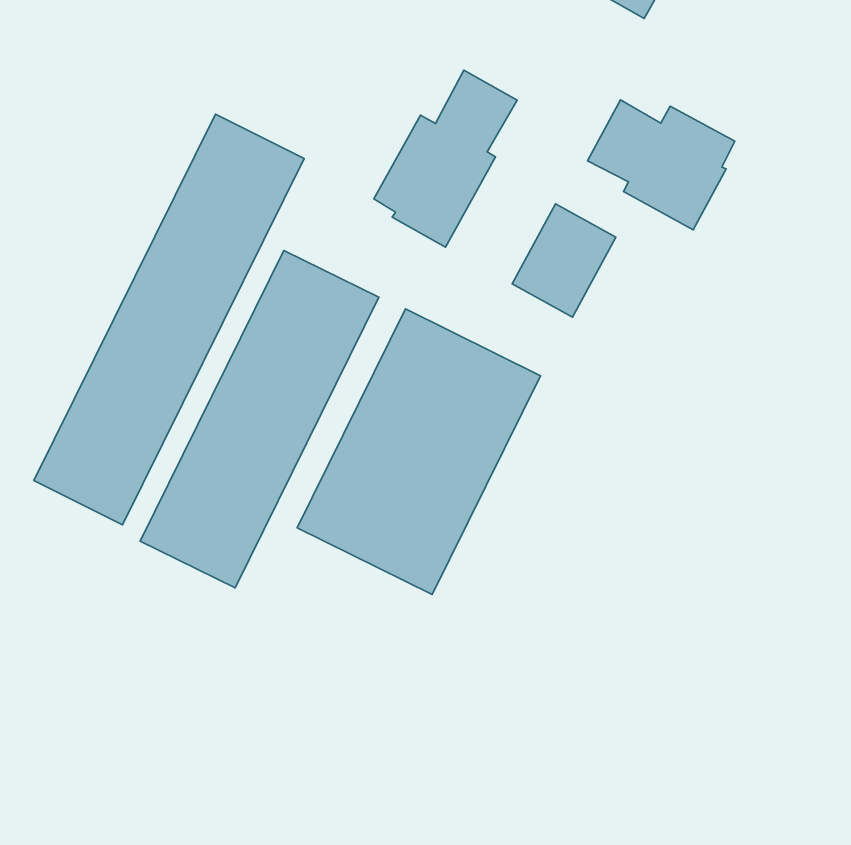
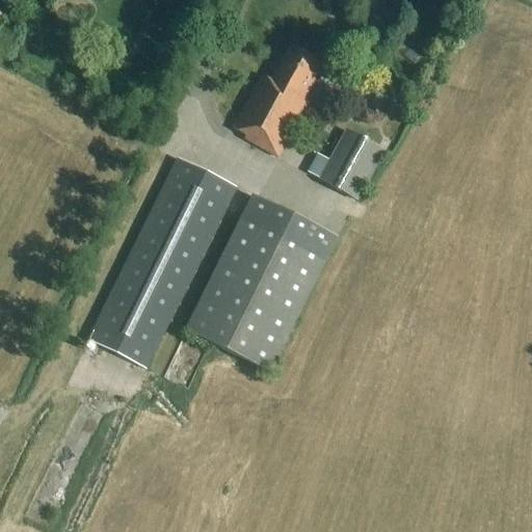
building: [588,100,735,230] -> none
building: [34,114,304,525] -> none

